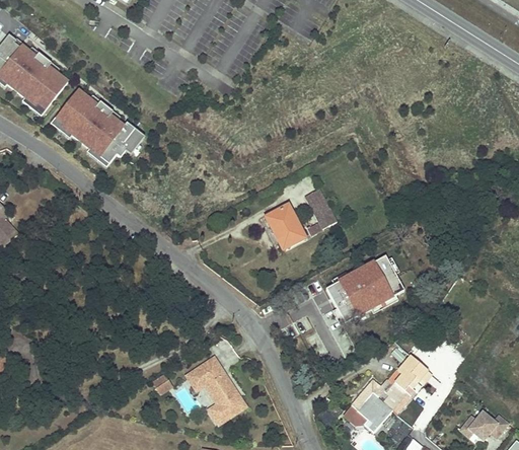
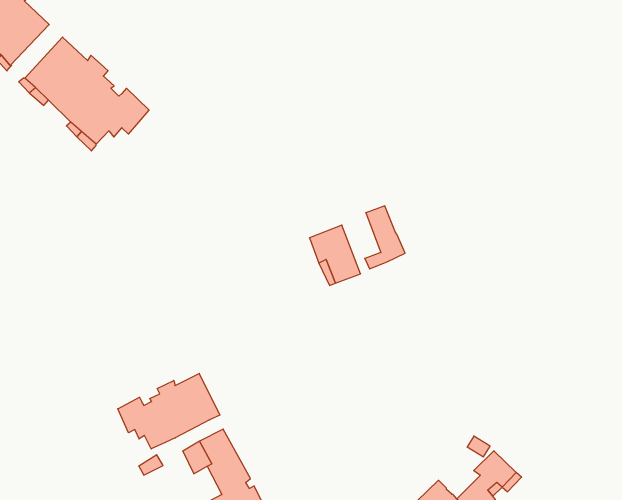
building: [324,255,405,325] -> none
building: none -> [118,373,220,449]

